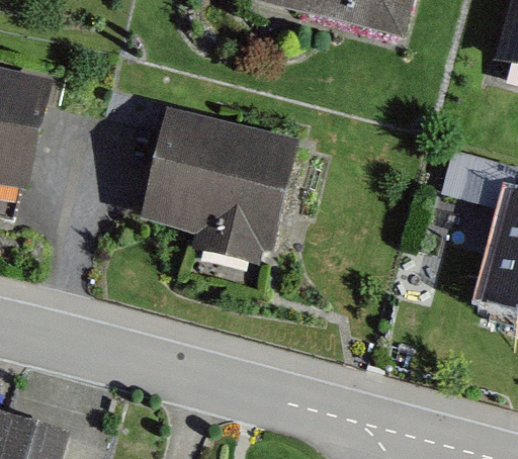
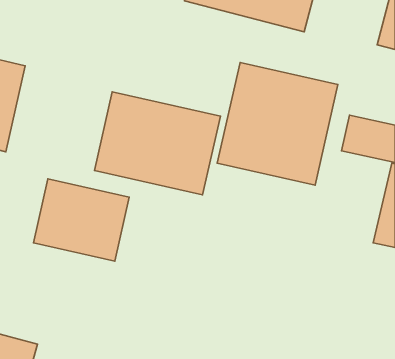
building: none -> [217,62,338,185]
building: none -> [33,179,129,261]

